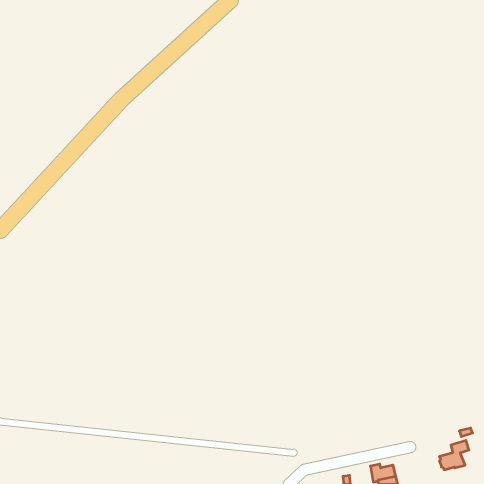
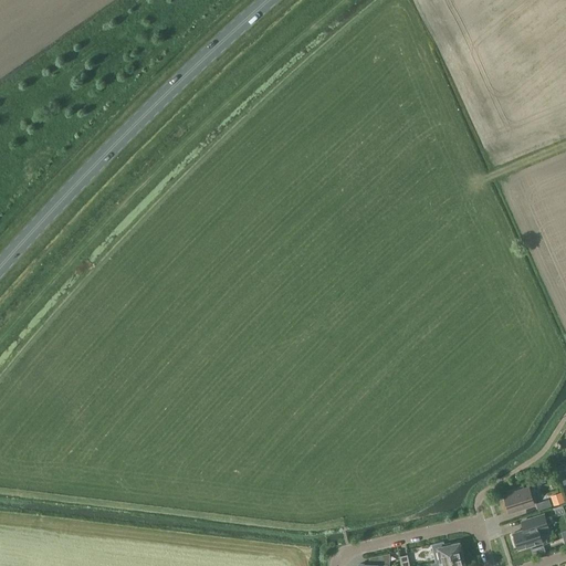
building: none -> [504,488,534,512]

